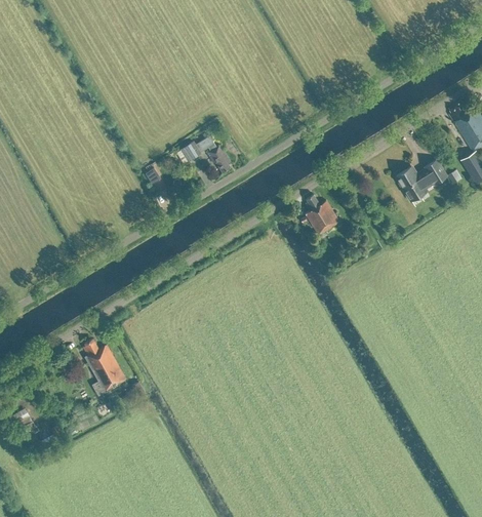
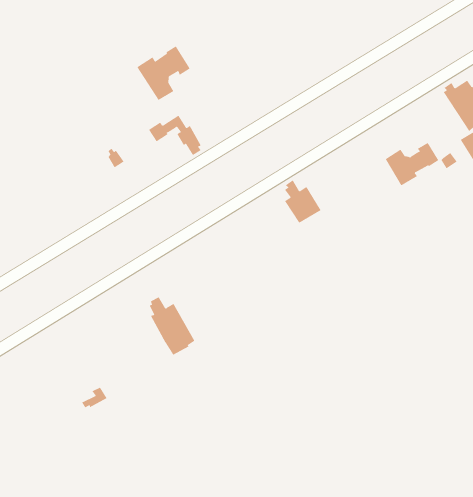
building: none -> [136,45,190,101]
building: [83,339,125,392] -> [149,297,195,355]

